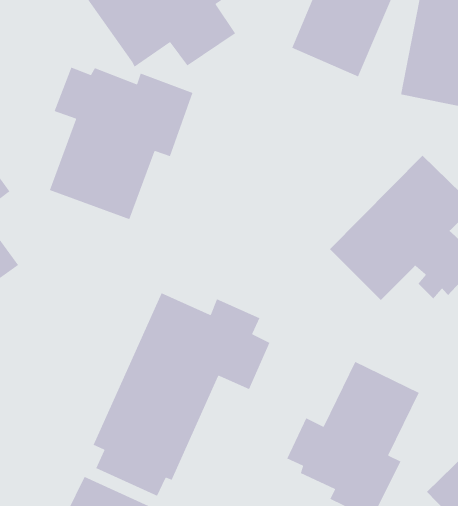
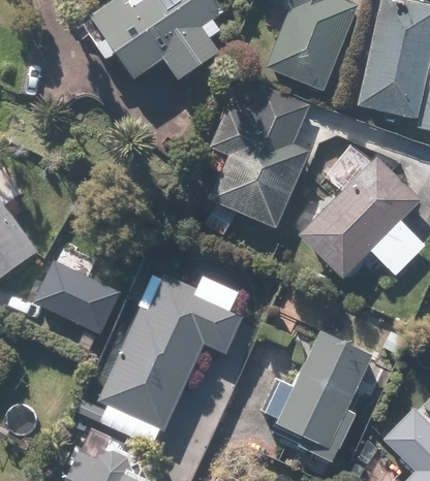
building: [49,67,194,220] -> none
building: none -> [208,84,313,233]
building: none -> [34,258,125,335]

